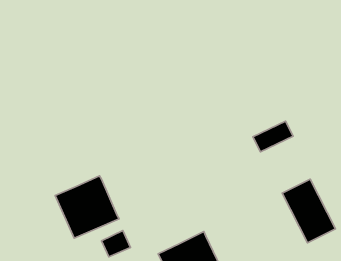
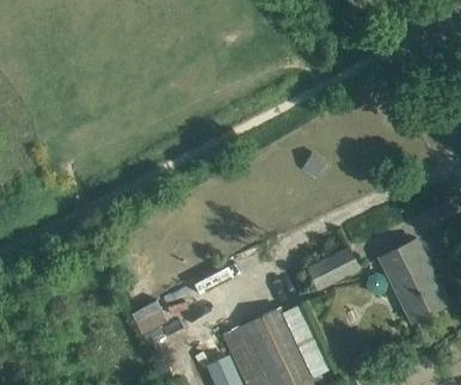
building: [253,121,293,152] -> [307,250,358,289]
building: [55,176,119,238] -> none

